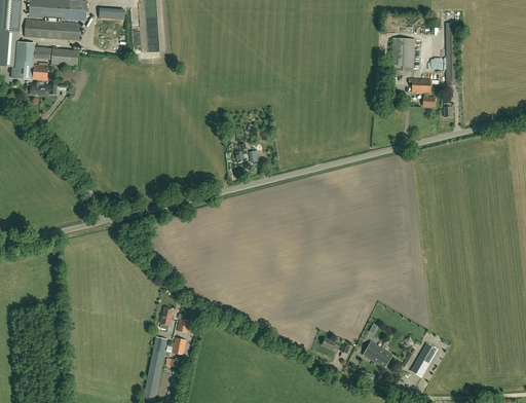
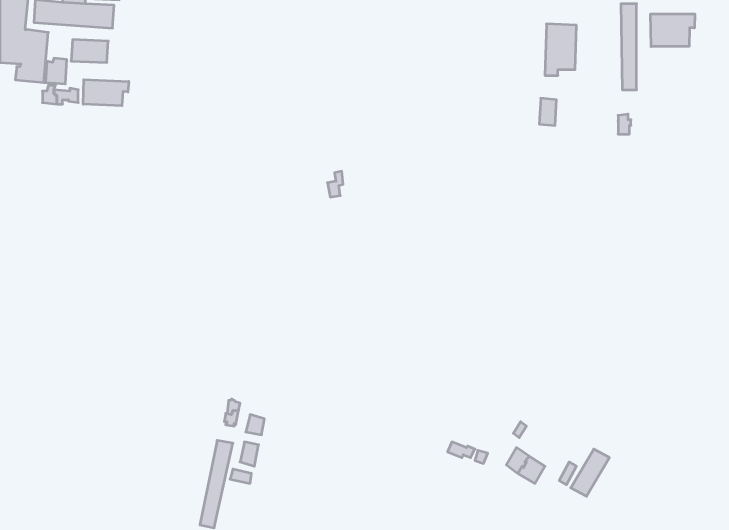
building: none -> [651,14,695,47]
building: none -> [83,80,129,106]
building: [409,79,435,107] -> none

